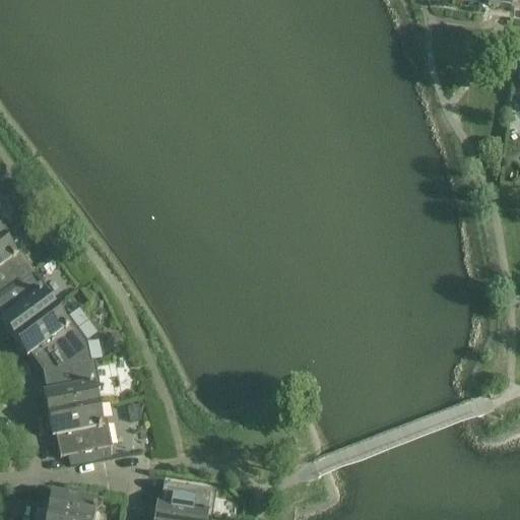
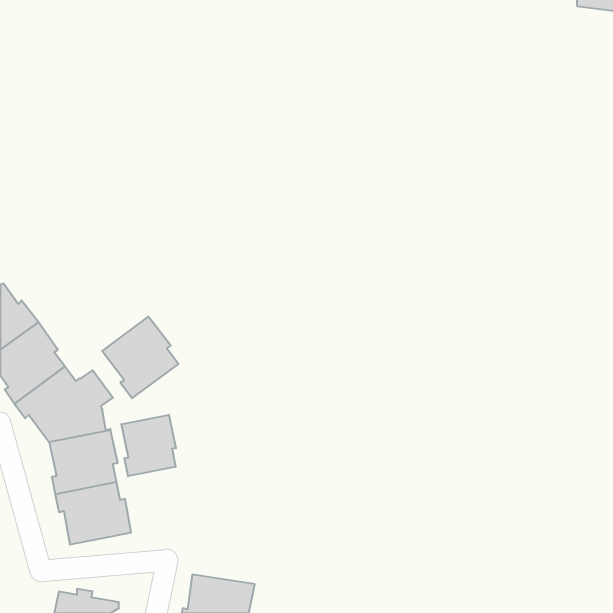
building: none -> [102,317,178,398]
building: none -> [121,415,176,476]

